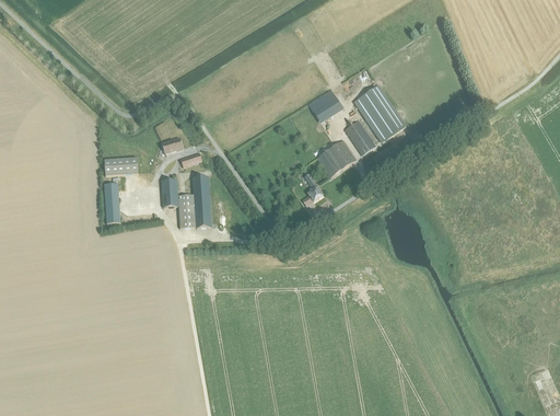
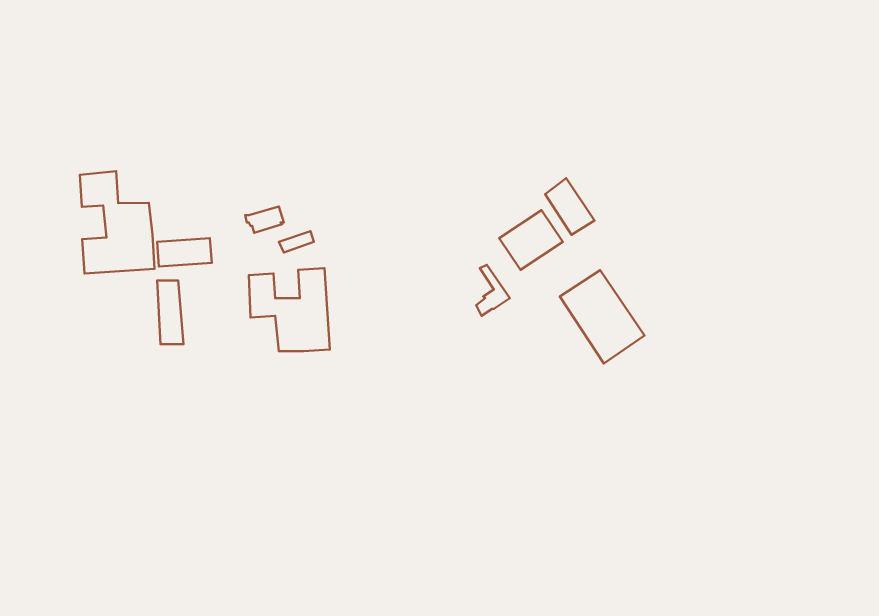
building: [353,84,406,142] -> [560,270,644,364]
building: [307,89,343,124] -> none
building: none -> [80,171,155,274]

